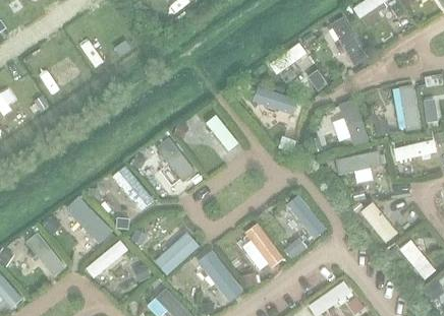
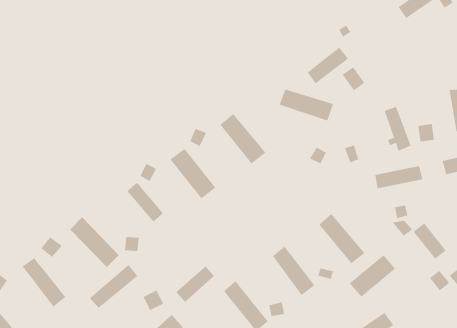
building: [329,16,367,67] -> none
building: none -> [349,254,396,298]

